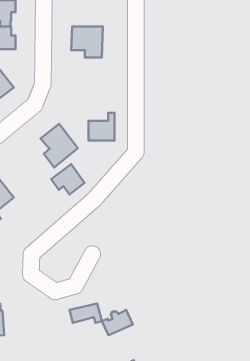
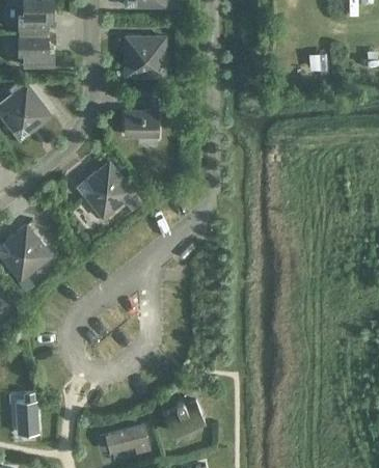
building: [89,113,114,140] -> [124,102,157,137]
building: [51,164,85,195] -> none
building: [70,303,102,323] -> [106,428,147,452]

